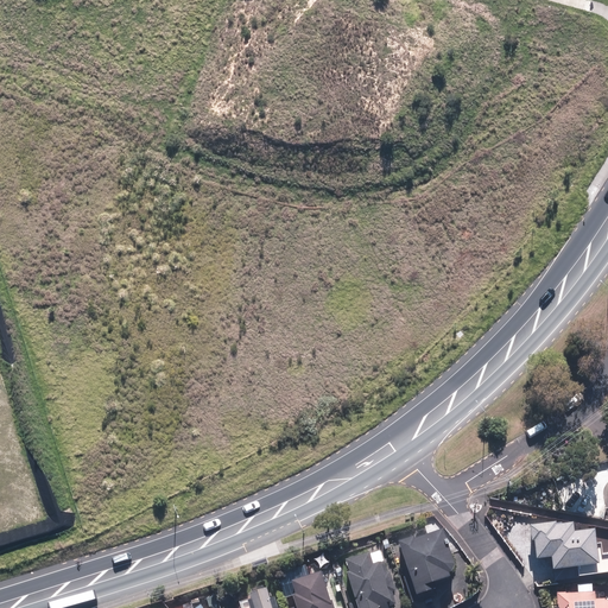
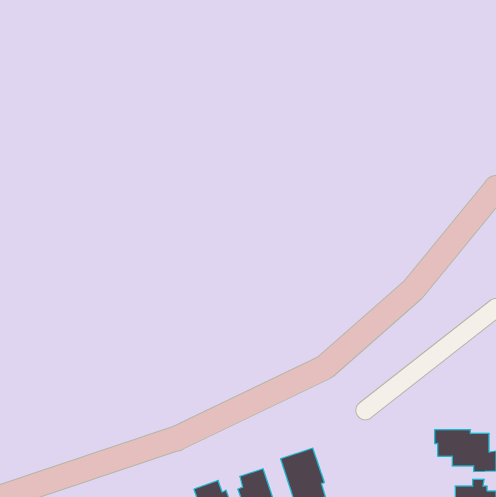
building: [399,530,454,596] -> none

